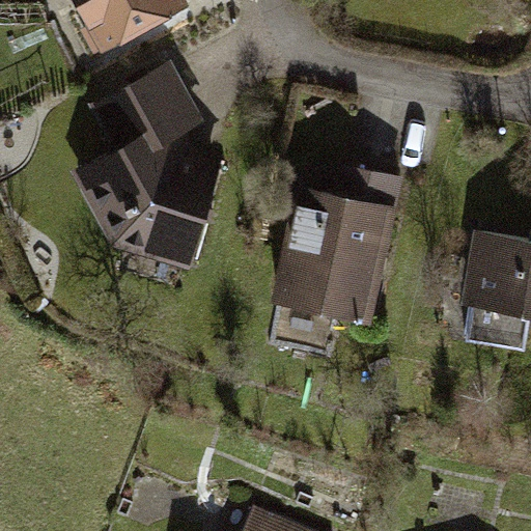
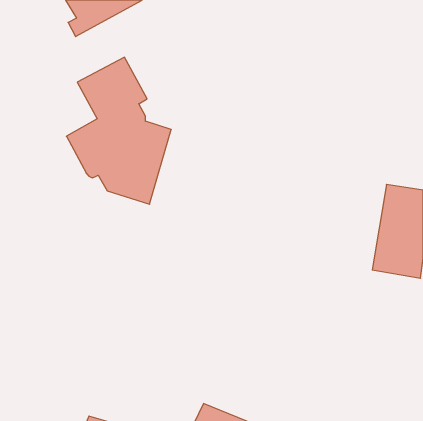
building: [278,172,397,319] -> none

